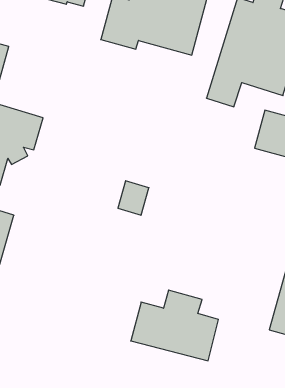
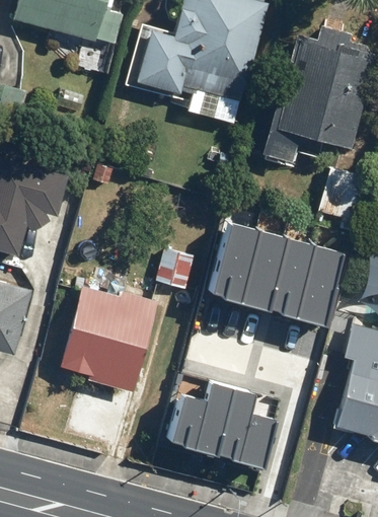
building: none -> [211,218,338,317]
building: none -> [59,287,158,394]

